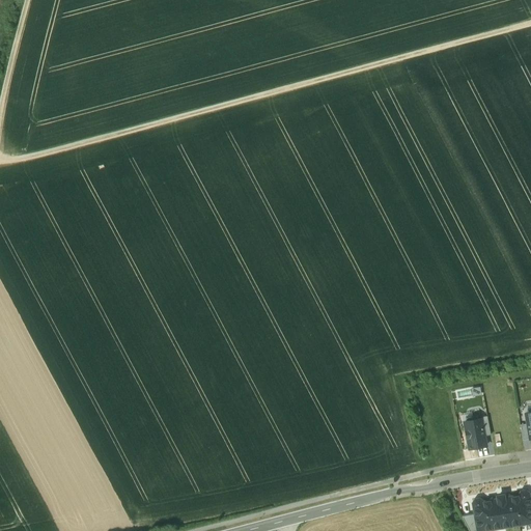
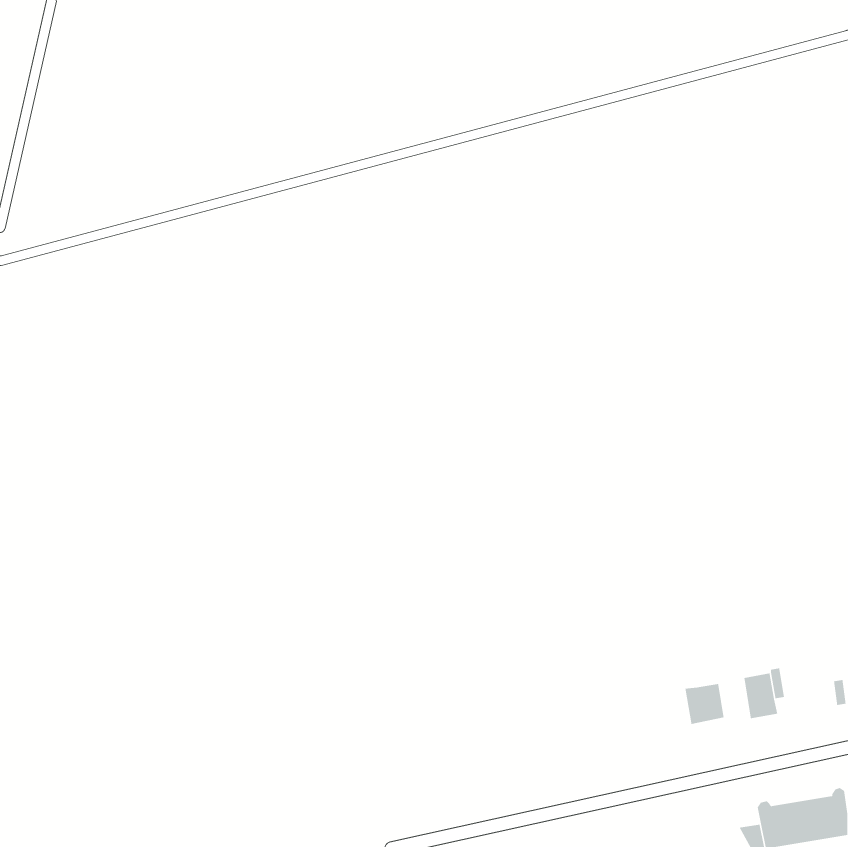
building: none -> [685,683,725,725]

